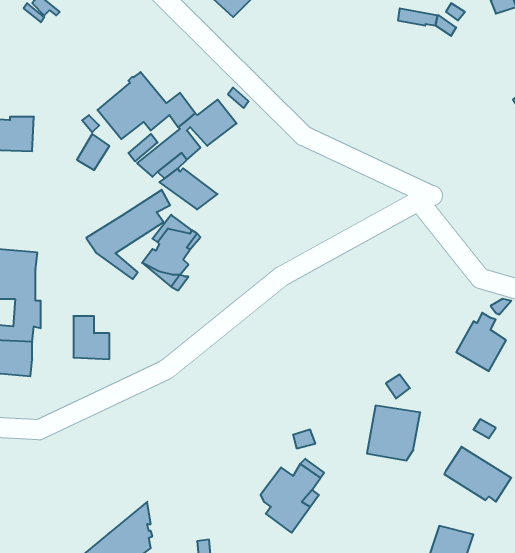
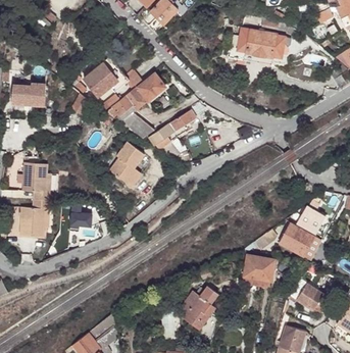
building: none -> [232,29,291,65]
building: [86,190,170,279] -> [146,109,196,162]
building: none -> [279,223,314,257]

